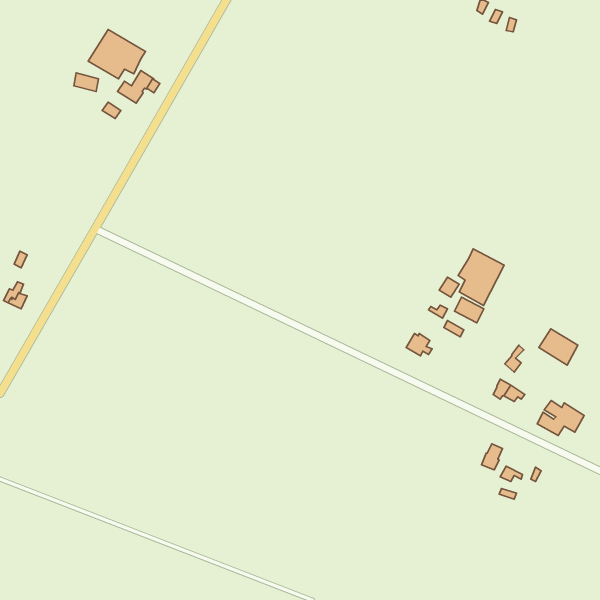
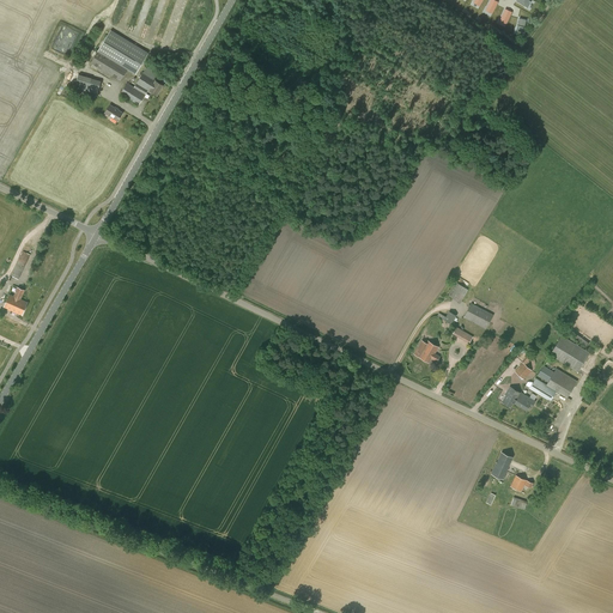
building: [458,249,504,305] -> none
building: [537,400,584,436] -> [529,365,577,401]

